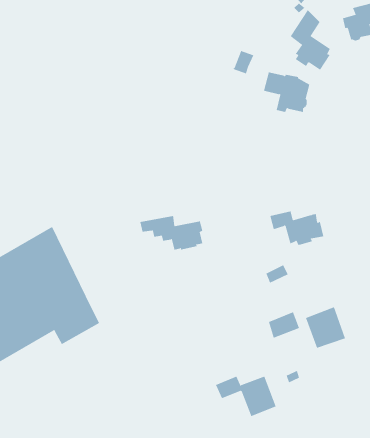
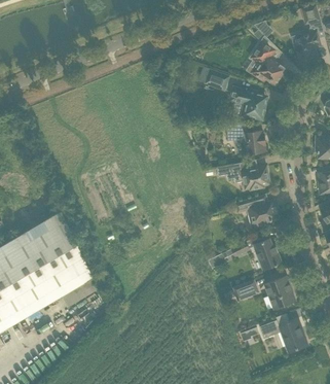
building: none -> [226,124,265,154]
building: [139,216,203,250] -> [217,163,268,190]
building: none -> [253,239,282,271]
building: [215,376,276,417] -> [259,320,308,353]

